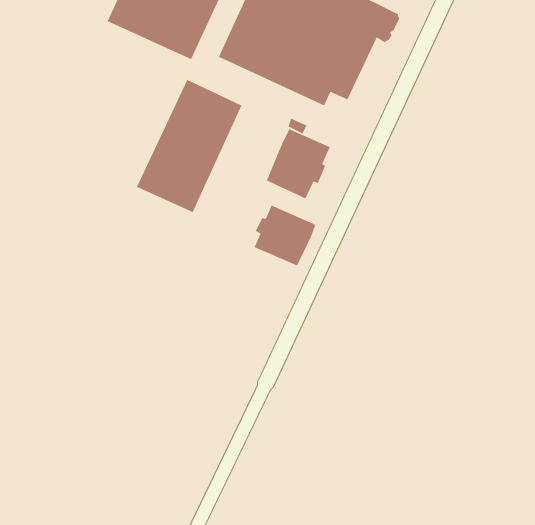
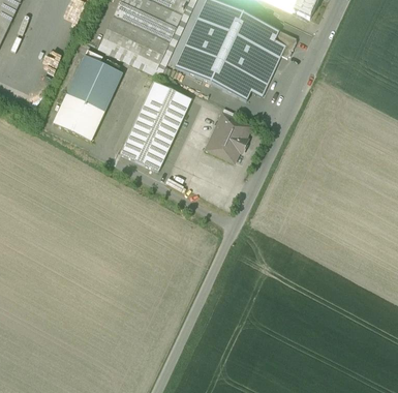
building: none -> [53,55,123,141]
building: [254,204,316,267] -> none

